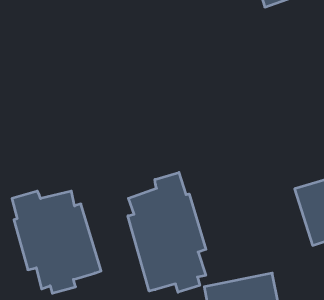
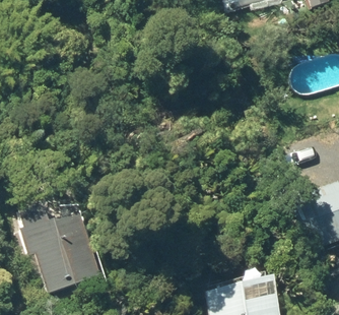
building: [128,172,206,292] -> none

